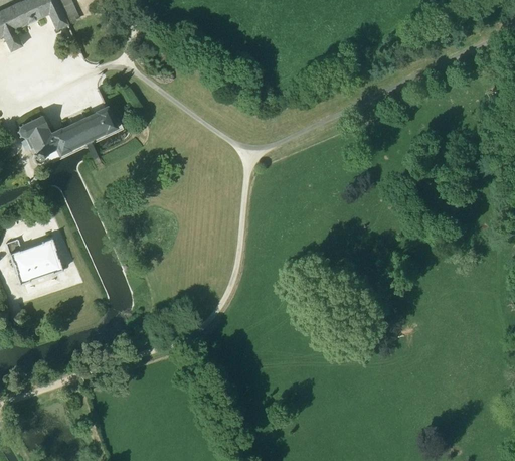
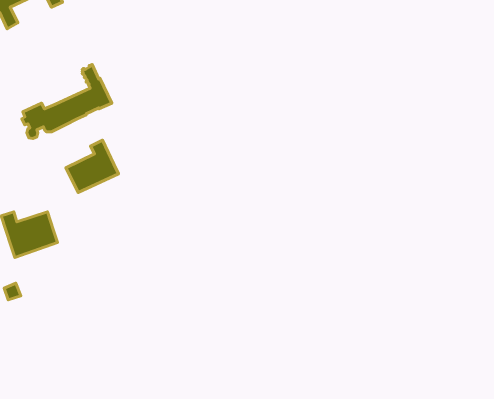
building: [17,112,51,138] -> none
building: none -> [66,140,118,192]

